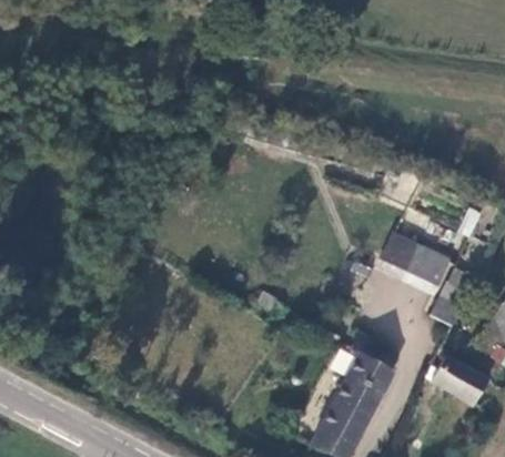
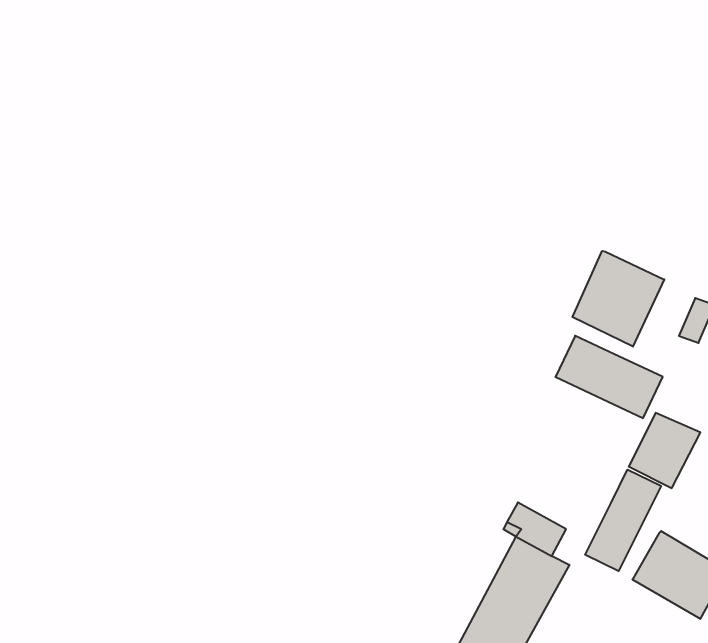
building: none -> [572,251,664,347]
building: none -> [585,470,661,571]

